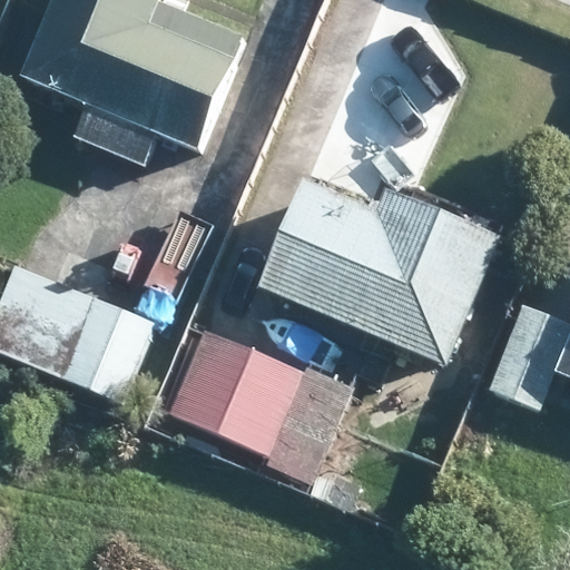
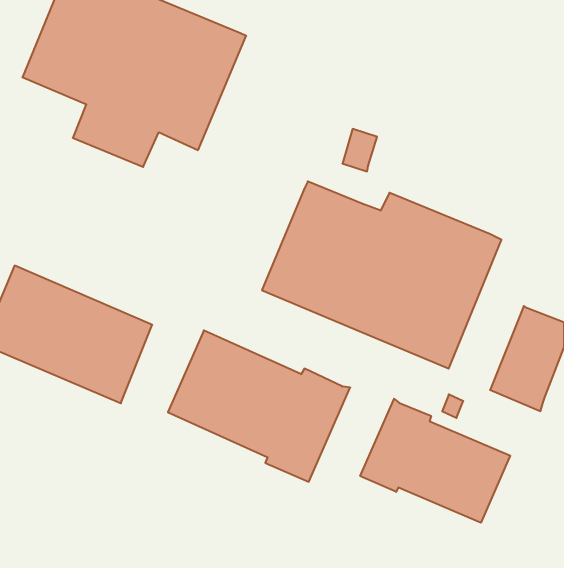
building: none -> [360,399,510,523]

